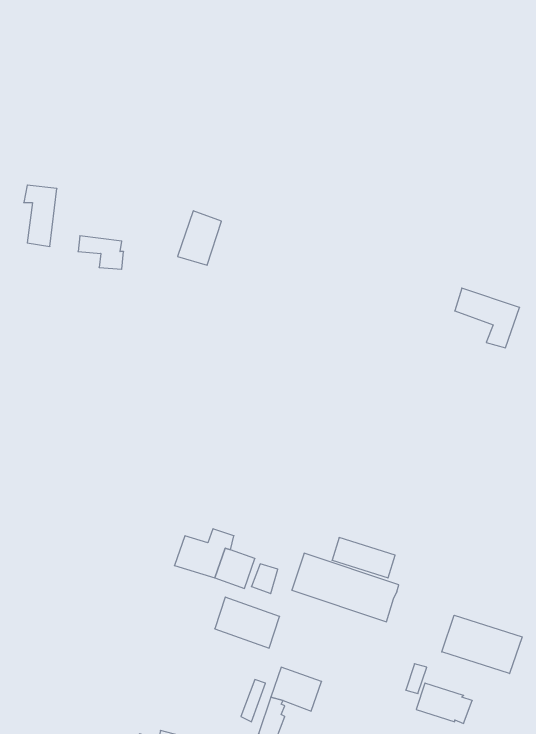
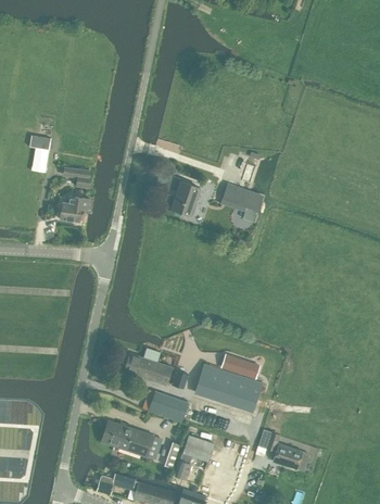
building: [178,211,221,265] -> [172,181,199,215]
building: none -> [60,197,90,222]
building: [455,288,520,348] -> [223,185,263,222]
building: [442,615,522,674] -> none
building: none -> [101,420,160,458]

